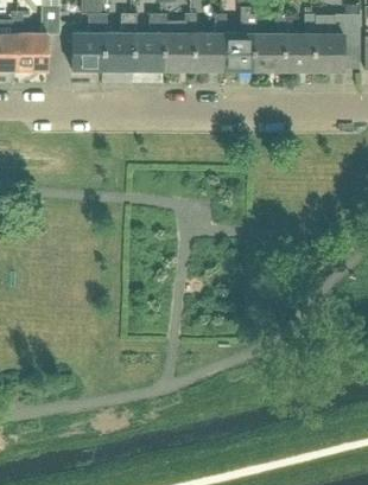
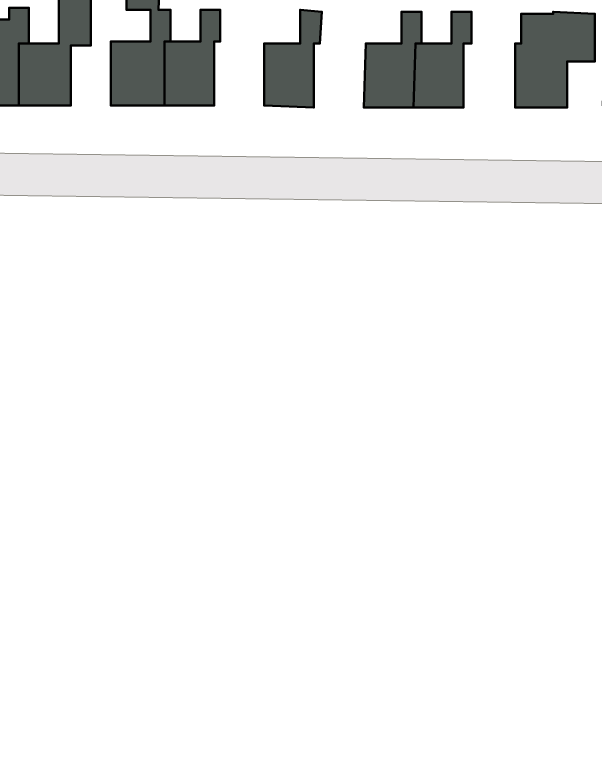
building: [134,13,169,70] -> none
building: [193,14,228,71] -> none
building: [283,14,317,71] -> none

